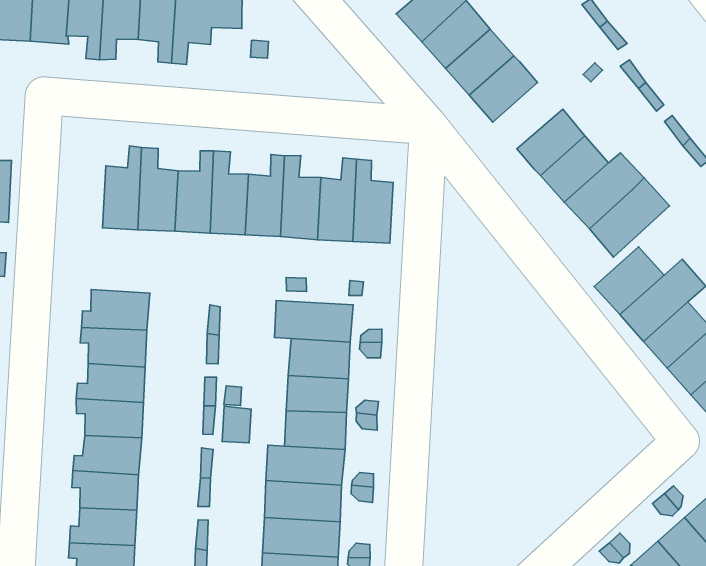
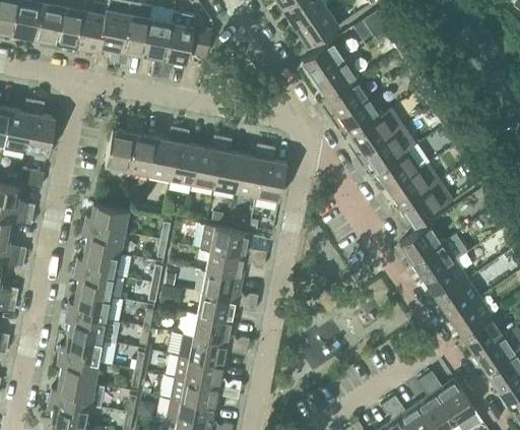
building: none -> [351,110,403,153]

